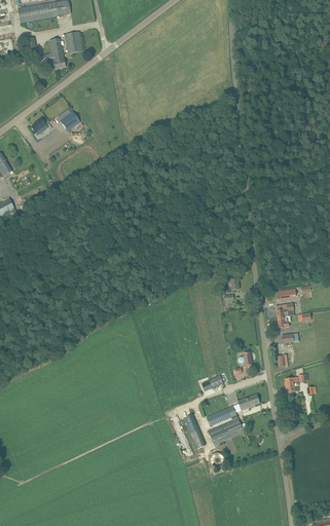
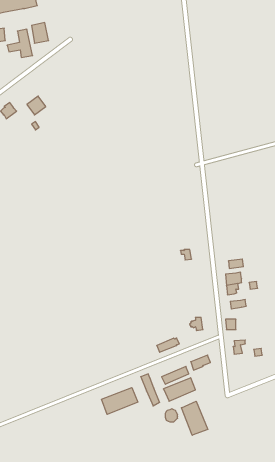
building: none -> [102,388,138,414]
building: none -> [181,401,208,435]

